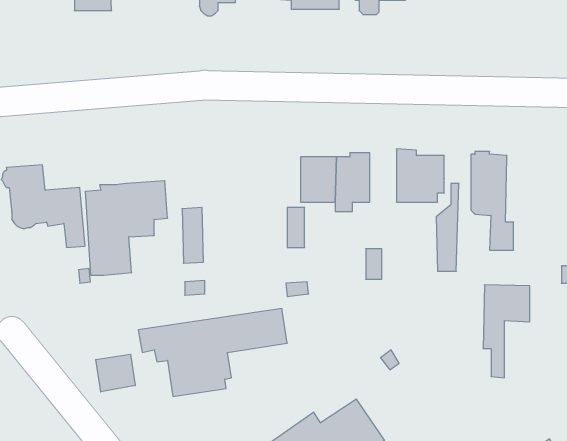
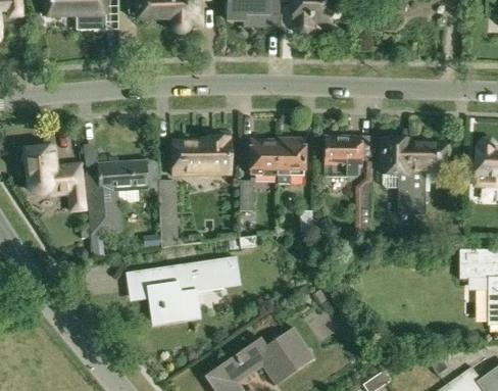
building: none -> [172,136,231,174]
building: [483,285,530,378] -> [408,141,444,212]
building: [96,354,135,392] -> none

